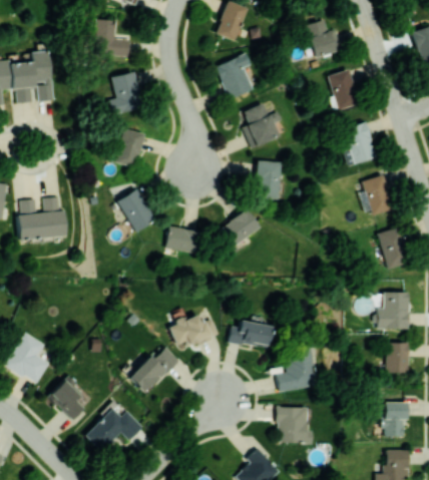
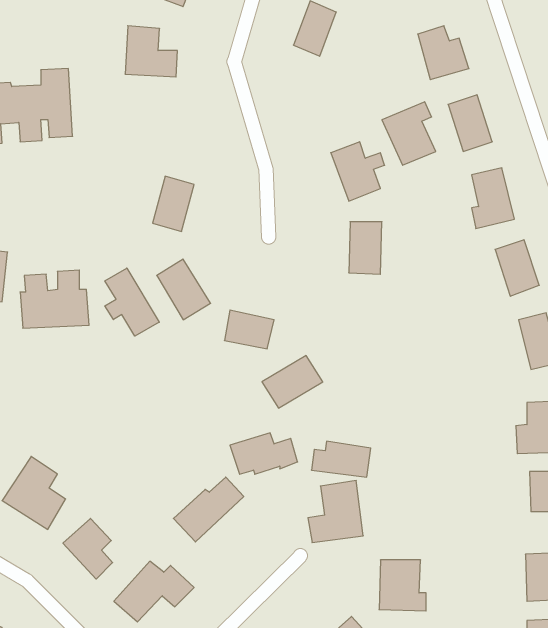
building: [214,53,254,99] -> [382,102,436,165]
building: [108,72,141,114] -> none
building: none -> [105,268,159,336]
building: [217,210,261,249] -> [262,356,323,408]
building: [276,347,316,392] -> [308,481,363,543]

